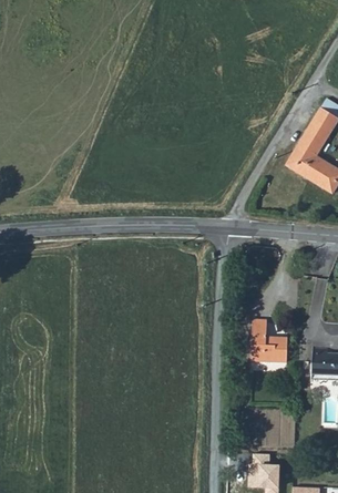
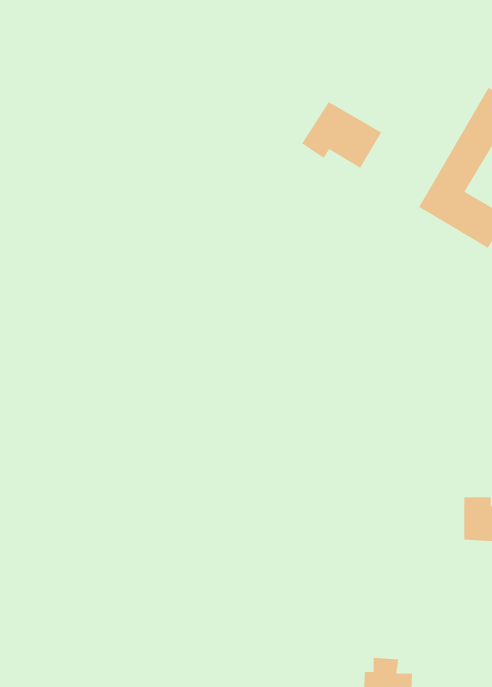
building: none -> [301,101,382,169]
building: [252,320,288,363] -> none

